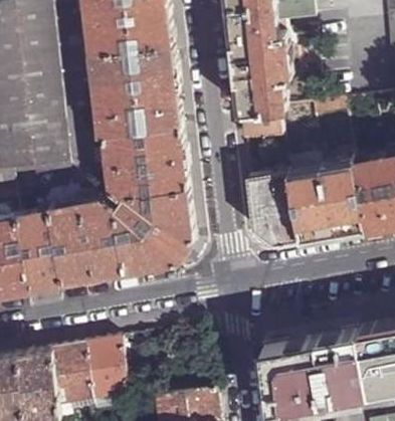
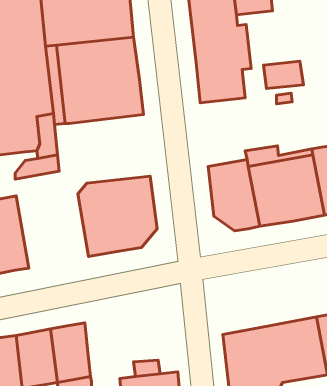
building: [239,112,280,140] -> [264,61,304,89]
building: [105,128,188,198] -> none
building: [50,199,125,285] -> none

